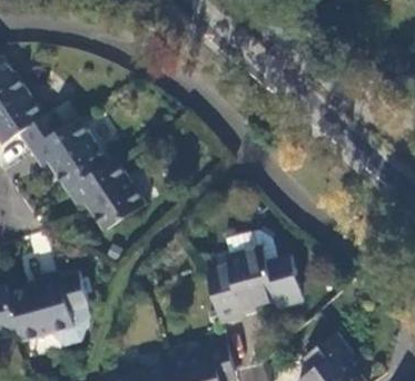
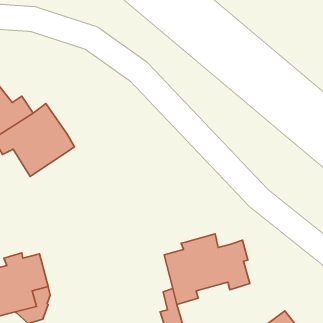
building: [67,154,152,231] -> none
building: [226,233,278,265] -> none

